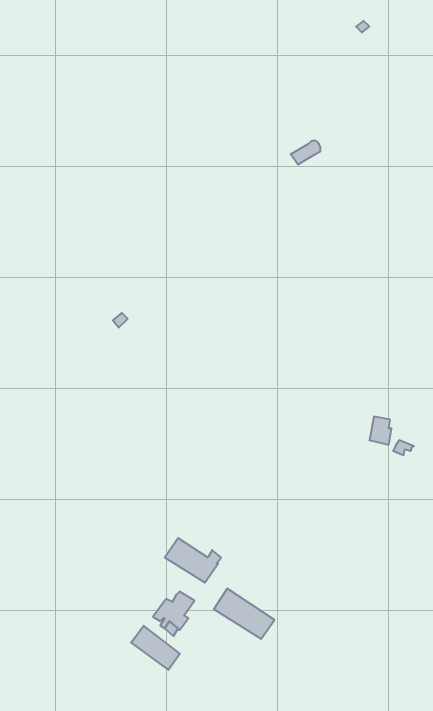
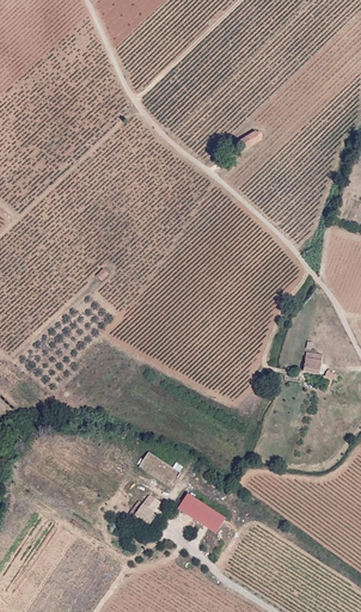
building: [131,626,180,670] -> none

